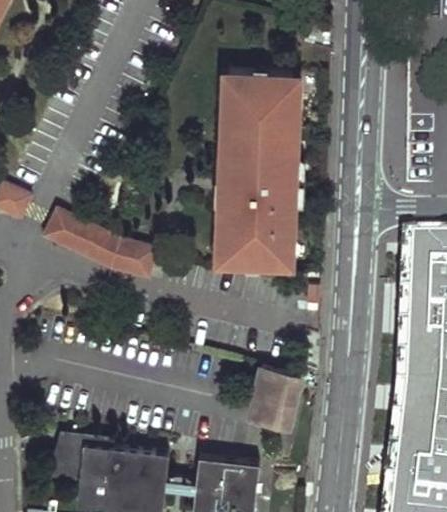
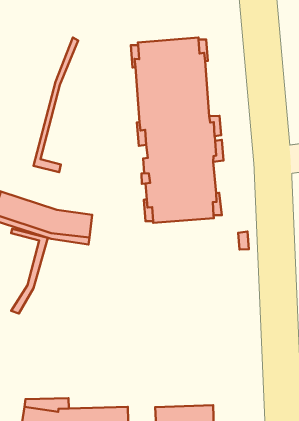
building: none -> [33,38,78,172]
building: none -> [11,229,48,314]
building: [252,370,302,432] -> none

